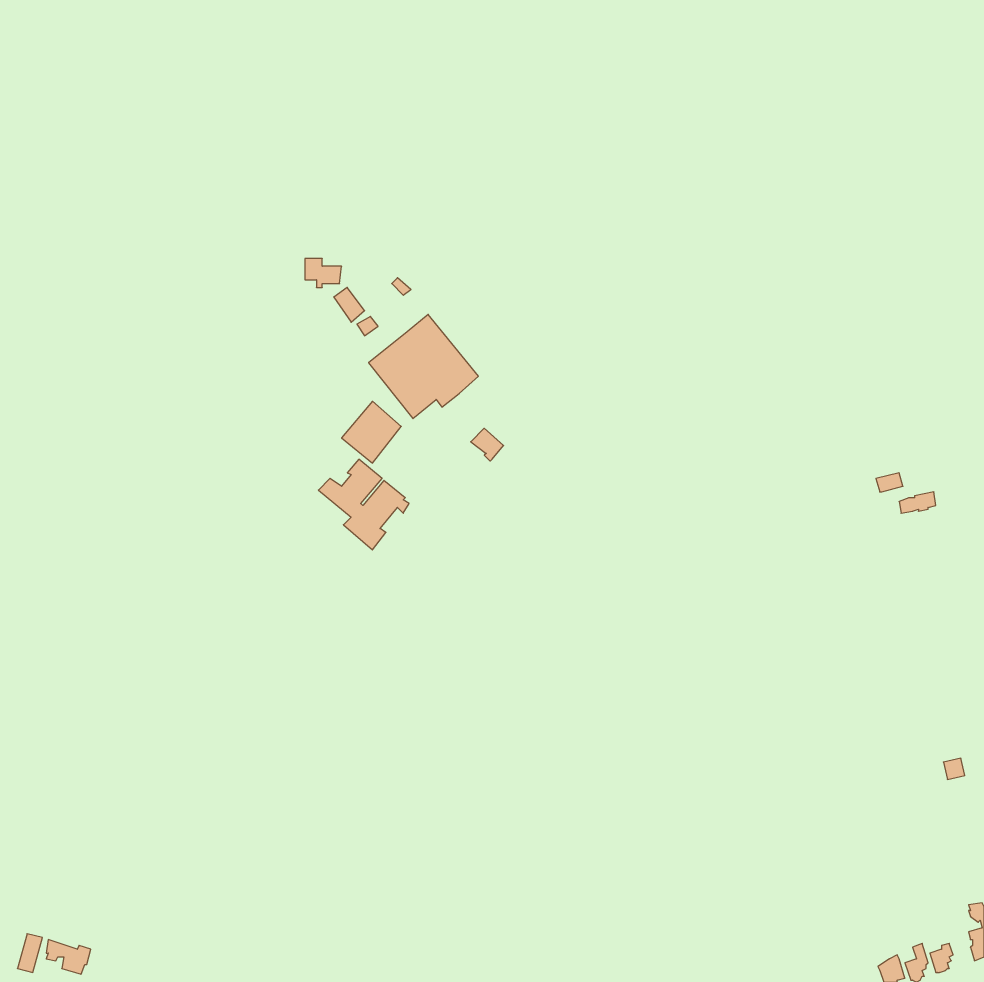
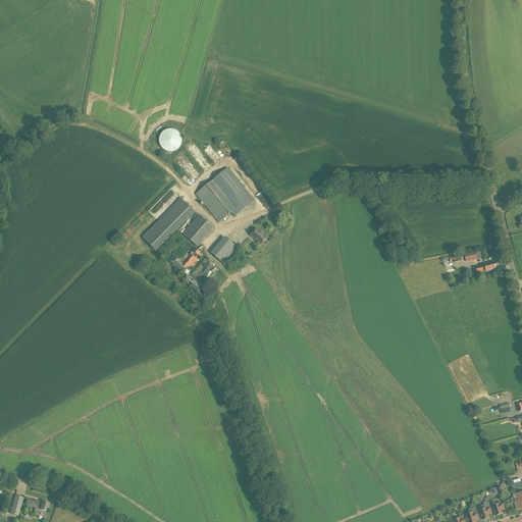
building: none -> [141,196,194,250]
building: none -> [210,234,239,264]

